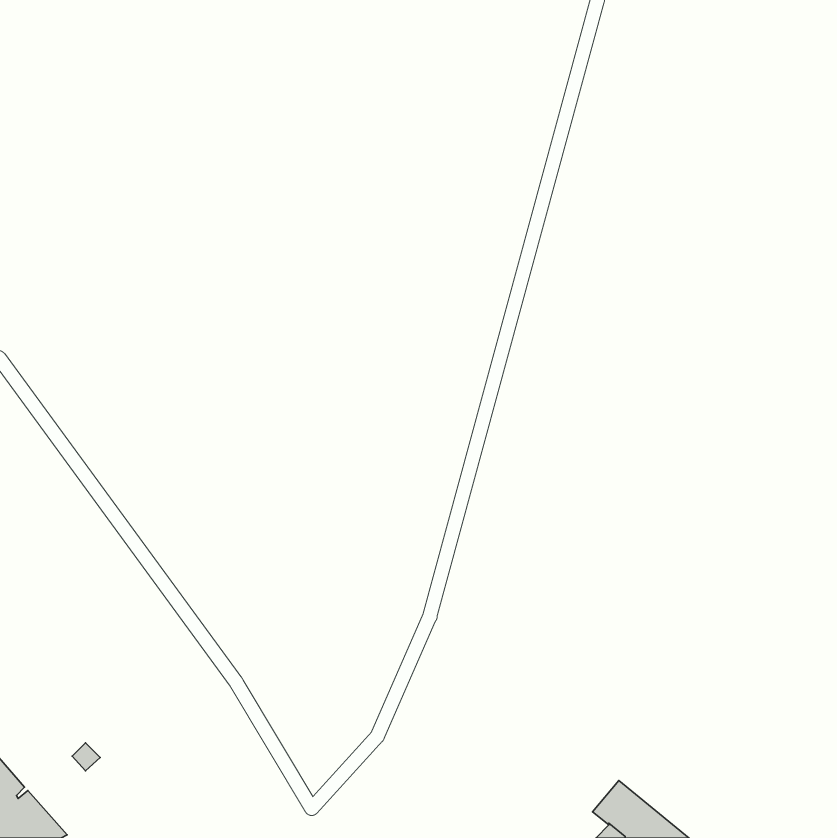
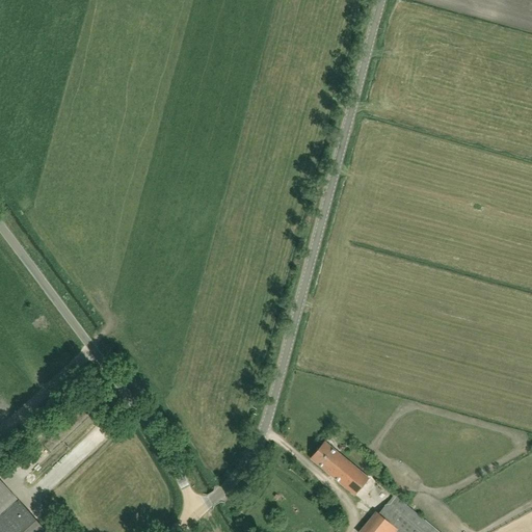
building: none -> [310,443,368,496]

